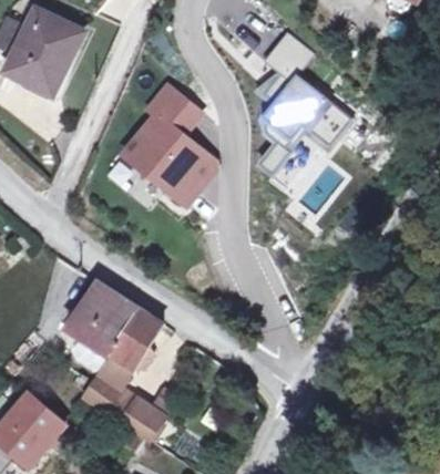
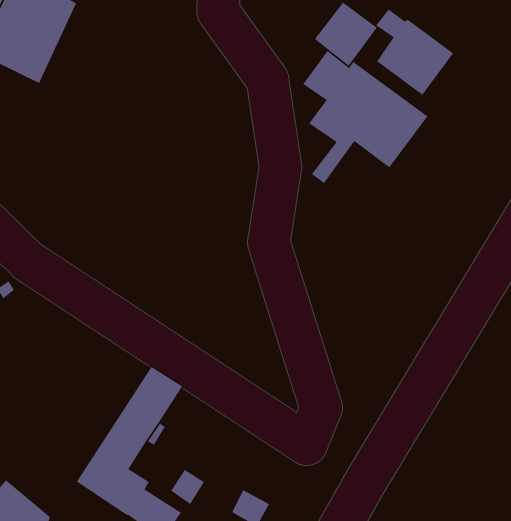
building: none -> [375,8,454,96]
building: [125,86,211,204] -> none
building: [69,281,137,352] -> none

